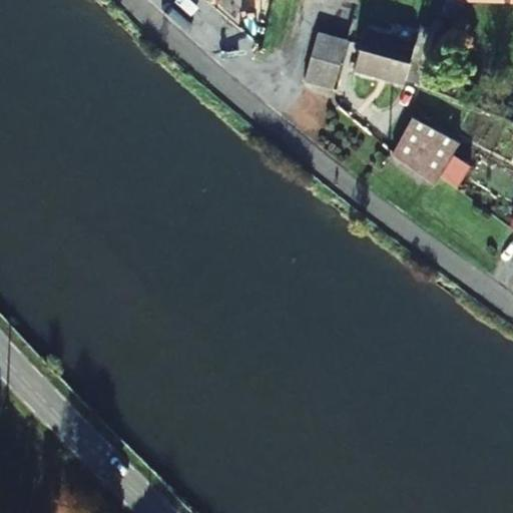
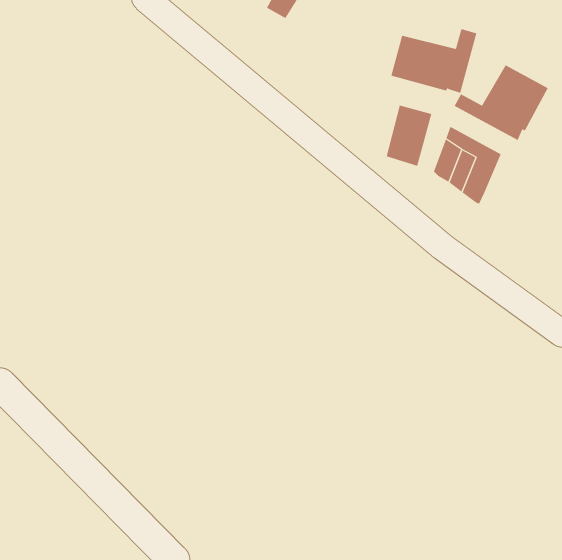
building: [305,31,347,87] -> [386,105,432,167]
building: none -> [454,65,549,141]

